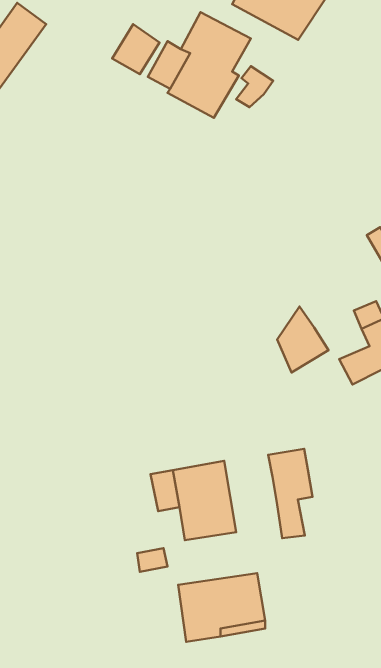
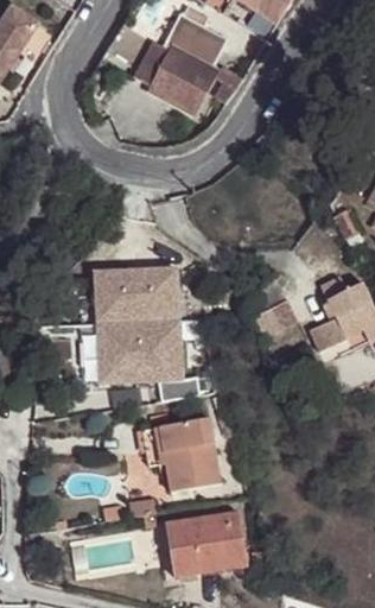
building: none -> [94,268,199,400]
building: [268,449,313,538] -> none

